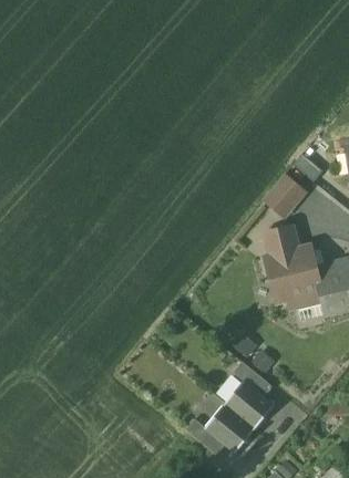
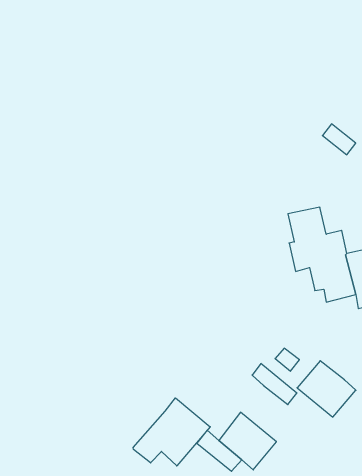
building: [264,174,305,215] -> none
building: [224,380,275,428] -> [297,361,356,417]
building: none -> [133,398,210,466]

